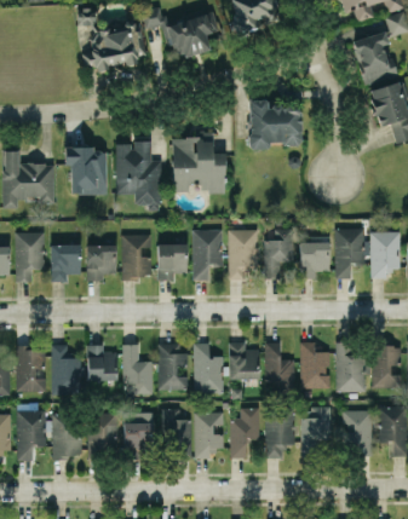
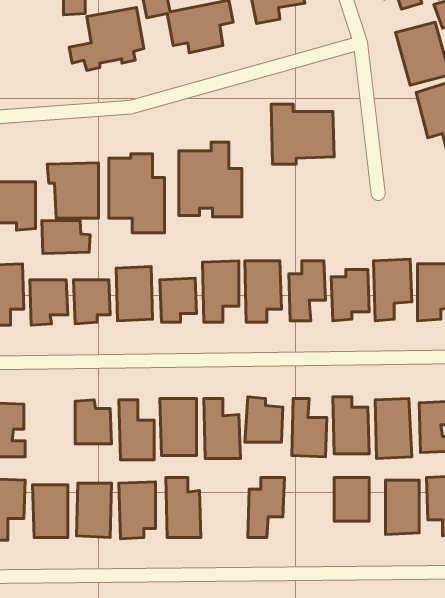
building: none -> [42,221,90,254]
building: [52,345,81,396] -> none
building: [265,408,294,459] -> none
building: [194,413,224,459] -> none

